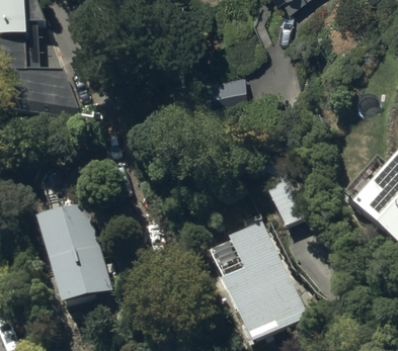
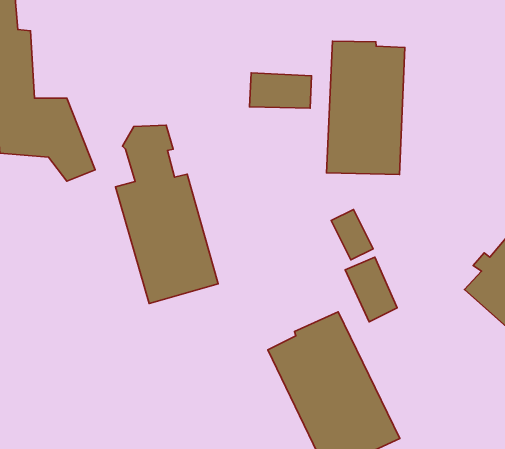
building: none -> [326,41,405,175]
building: [36,171,110,299] -> [116,125,218,304]

